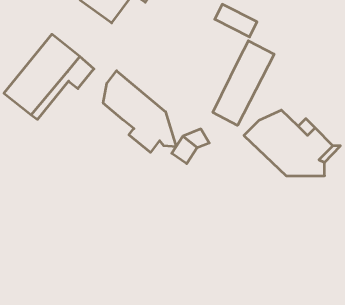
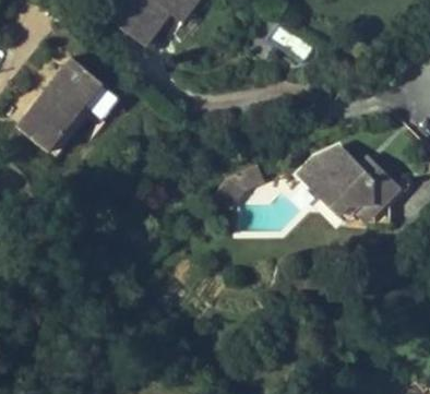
building: [213,41,274,125] -> none
building: [103,71,176,152] -> none

